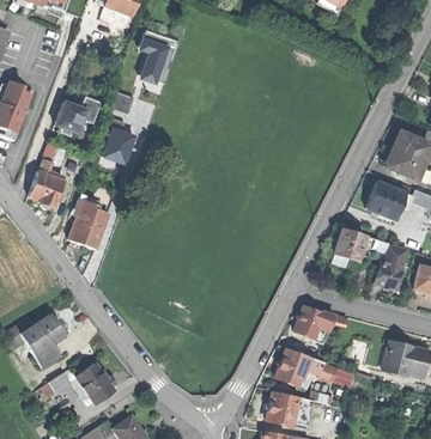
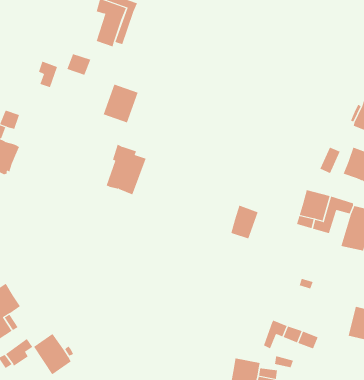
building: [54,105,85,138] -> none
building: [98,129,133,167] -> [103,84,138,123]
building: [68,202,108,252] -> [106,144,147,195]
building: [296,301,323,335] -> [230,205,259,239]
building: [275,347,308,383] -> none

